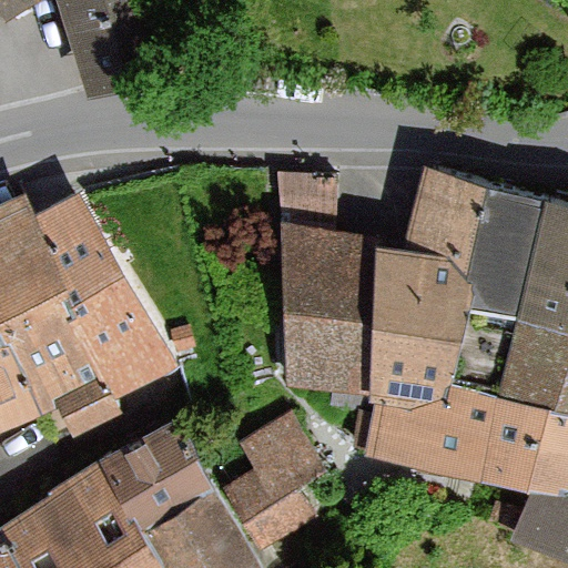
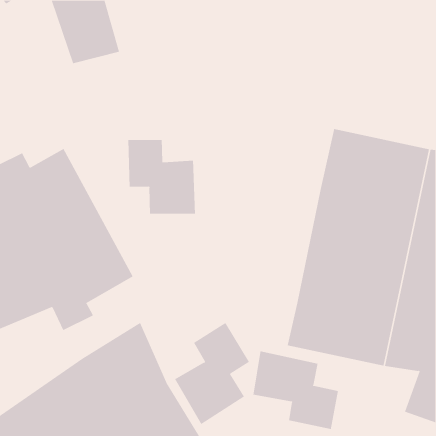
building: [283,178,412,396] -> none
building: none -> [128,139,196,215]
building: none -> [253,350,339,430]

